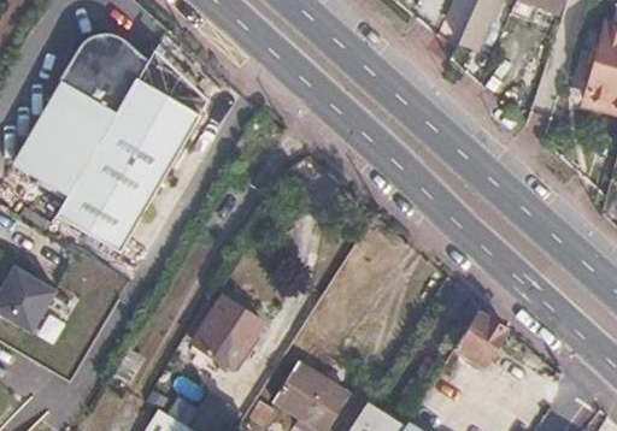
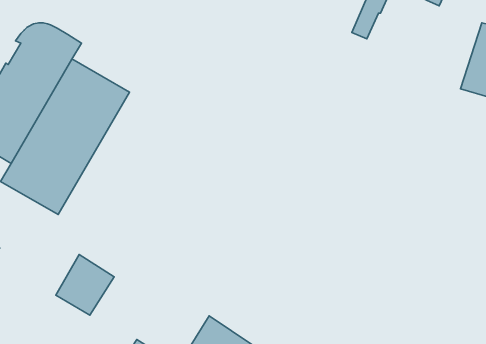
building: [201,297,268,366] -> [56,255,114,315]
building: [453,314,503,367] -> none

